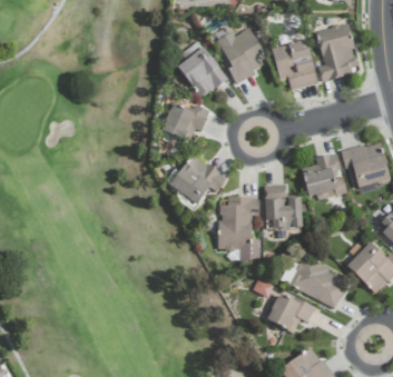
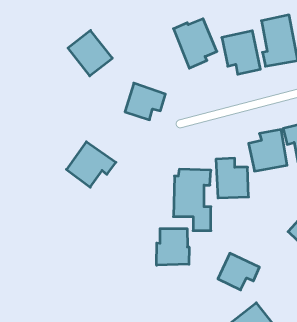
building: [177,48,227,99] -> [68,30,112,76]
building: [170,155,226,206] -> [66,142,116,187]
building: [289,257,348,307] -> none
building: none -> [157,229,189,265]

